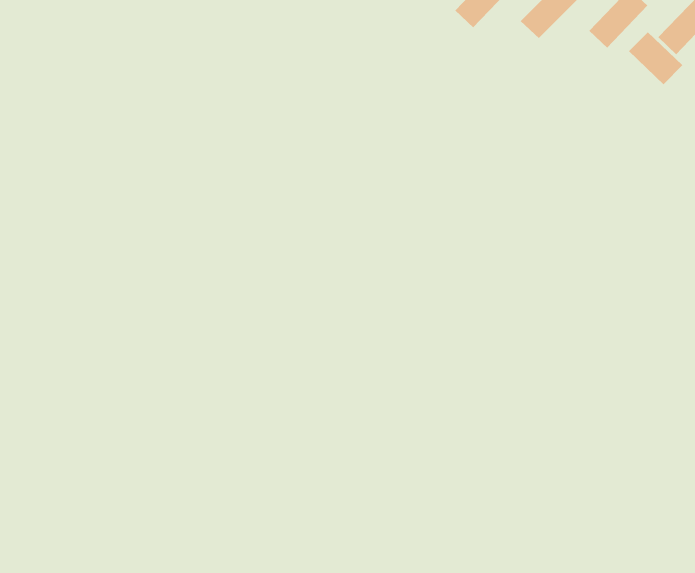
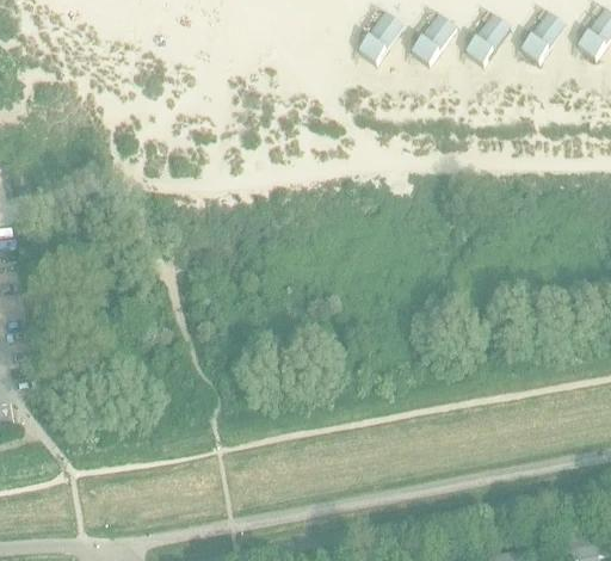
building: [628,31,683,85] -> none

